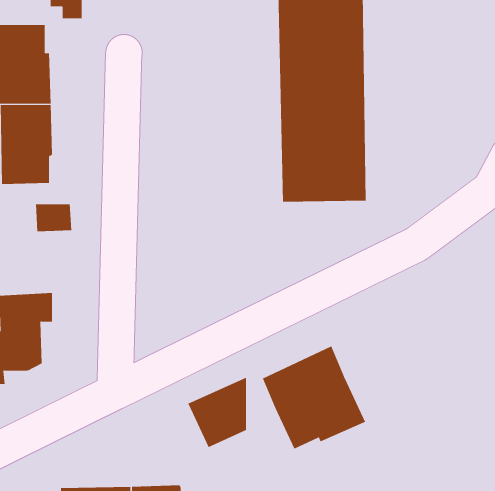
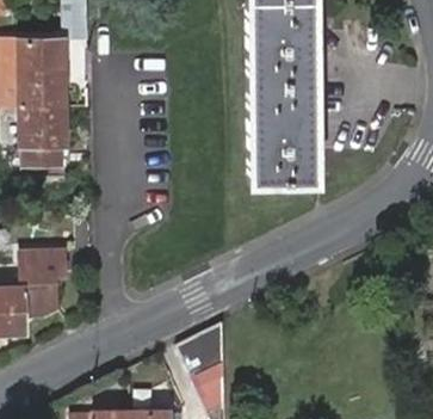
building: [262,345,366,450] -> none

